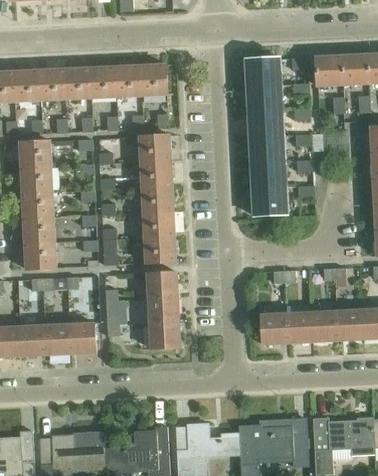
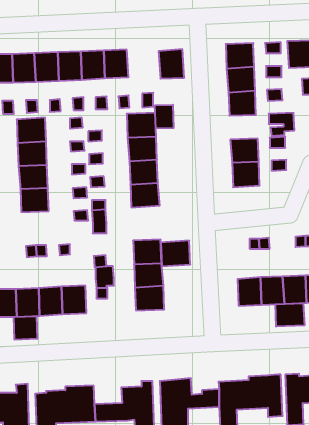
building: [139,63,167,95] -> [159,49,184,79]
building: none -> [155,105,174,129]
building: [251,136,282,163] -> none
building: [144,235,176,263] -> [161,241,190,266]
building: [24,241,56,268] -> none
building: none -> [275,303,304,327]
building: none -> [14,316,37,340]

